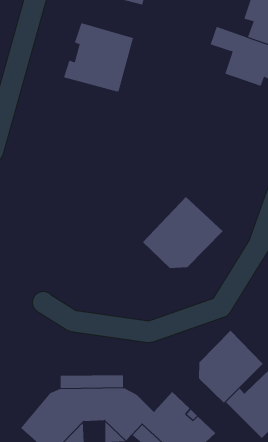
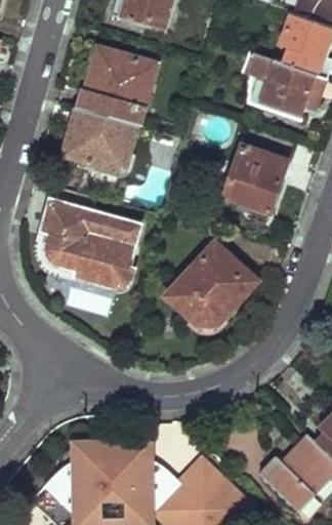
building: none -> [61,108,136,171]
building: none -> [222,145,286,212]
building: none -> [41,199,141,288]
building: [199,330,264,404] -> none

